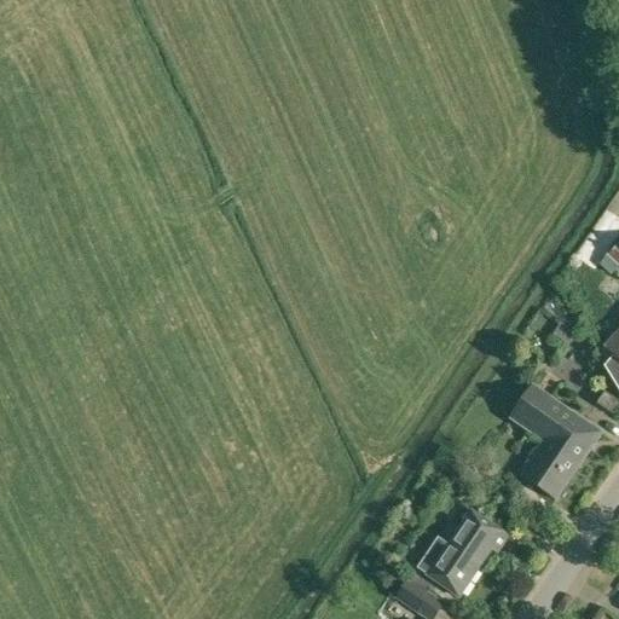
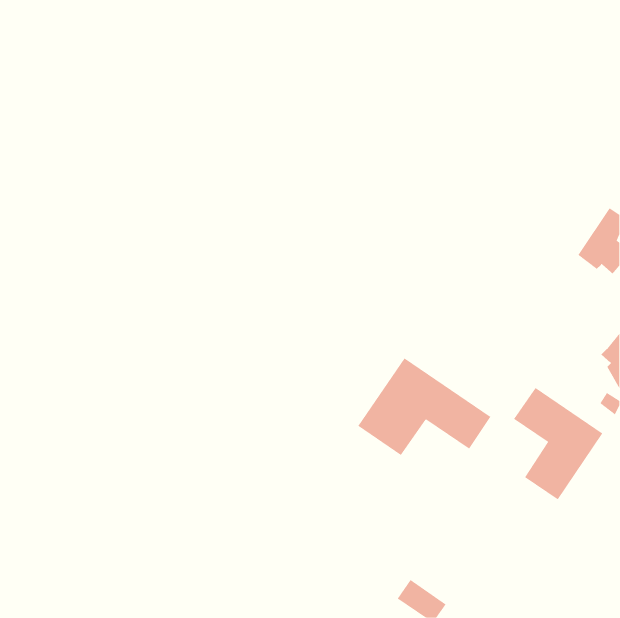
building: none -> [357,358,491,456]
building: [416,509,509,597] -> none

